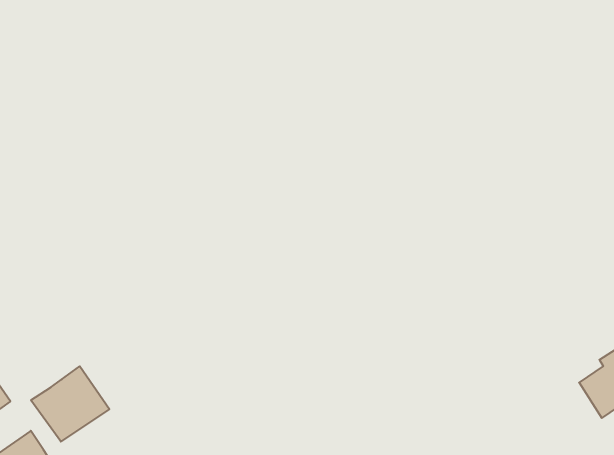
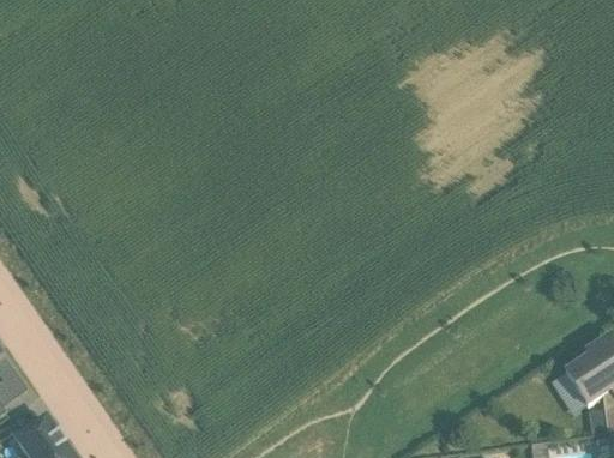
building: [31,366,109,442] -> none

